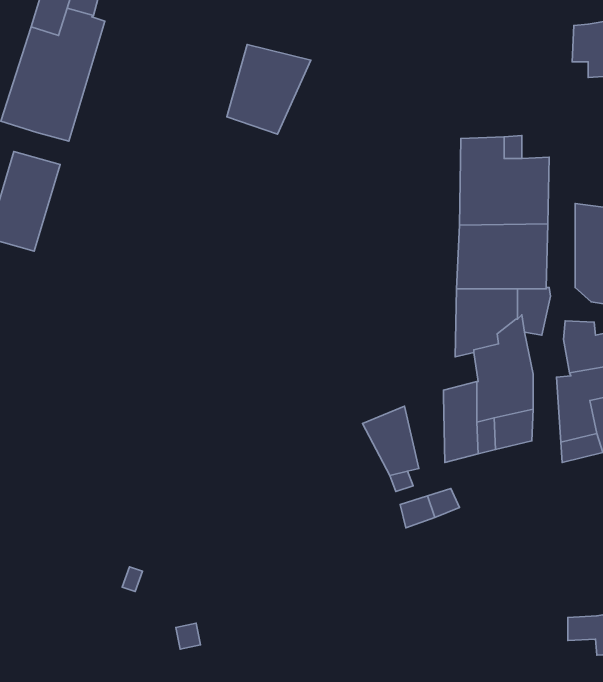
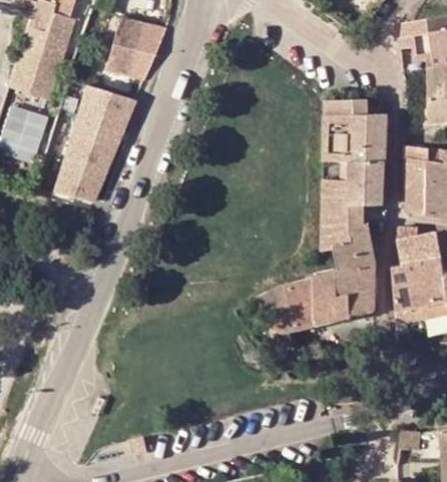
building: [227,44,311,134] -> [107,17,165,79]
building: none -> [54,83,135,200]
building: none -> [288,279,316,329]

